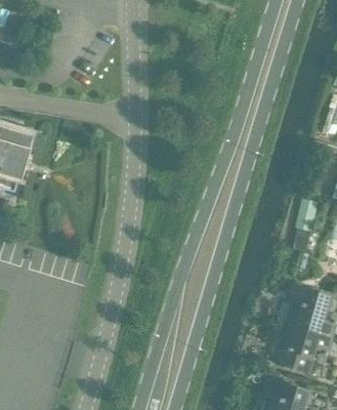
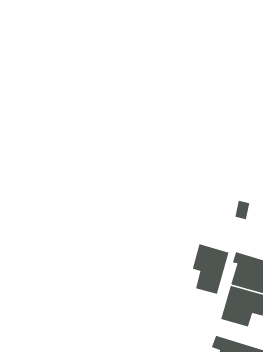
building: none -> [192,243,229,295]

